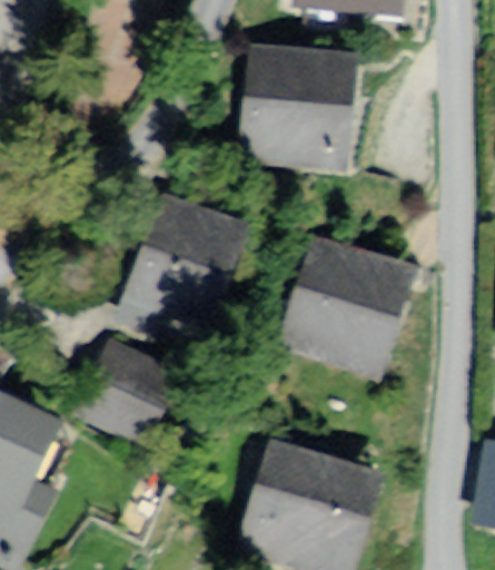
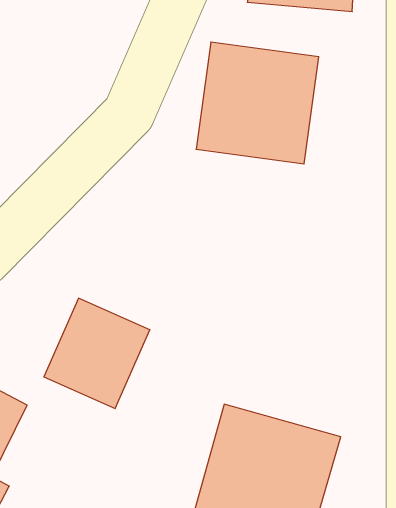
building: [125,195,245,323] -> none
building: [278,232,416,376] -> none

